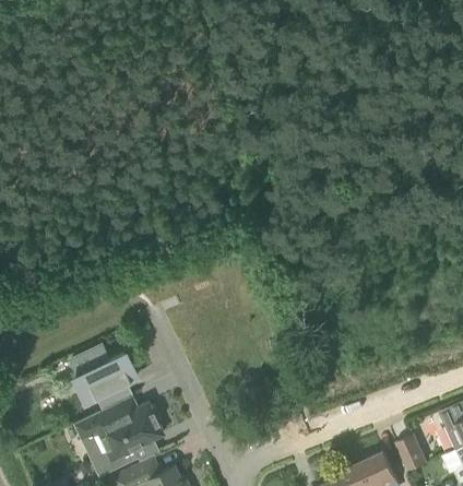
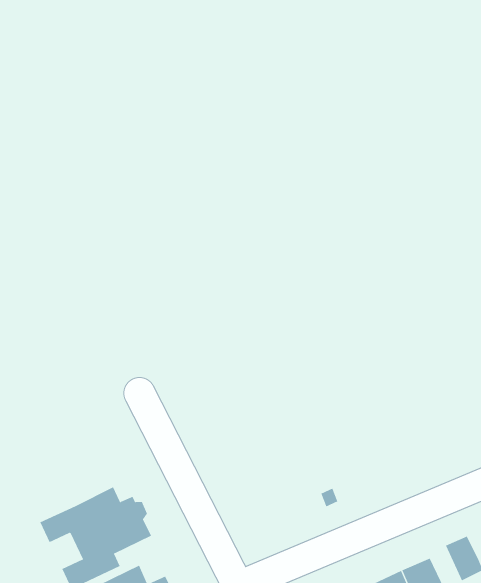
building: [71,347,136,412] -> none

